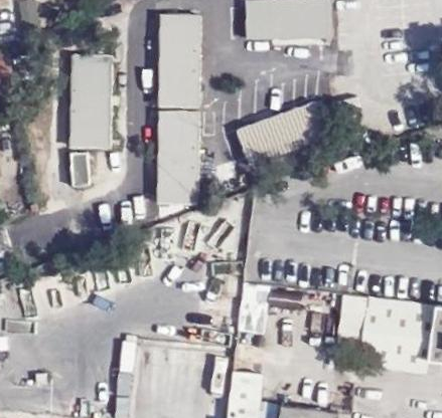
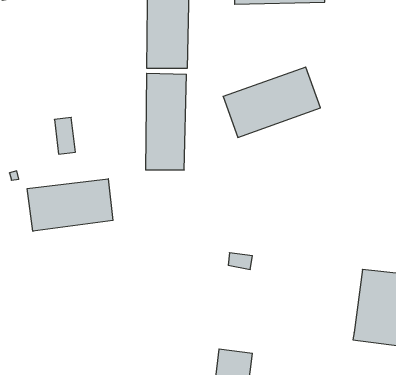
building: [71,54,111,145] -> none
building: none -> [27,179,113,231]
building: [334,292,367,356] -> none

